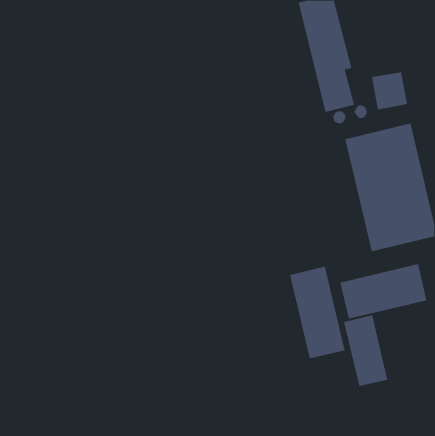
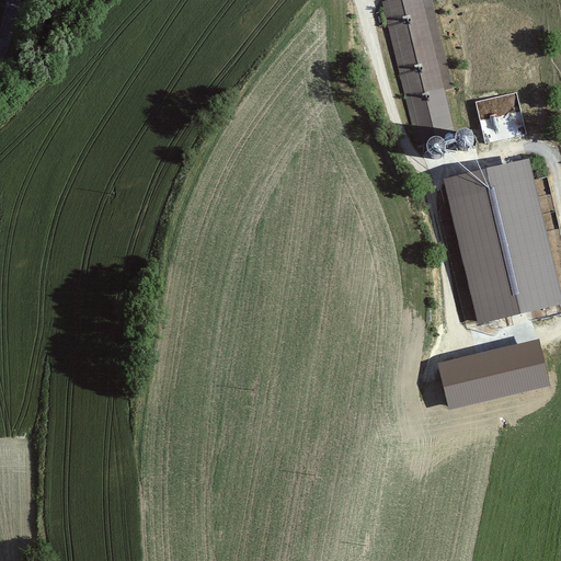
building: [289,266,345,359] -> none
building: [344,315,388,387] -> none

